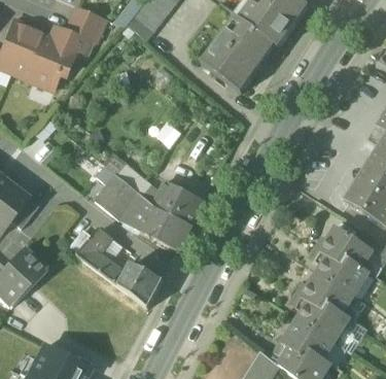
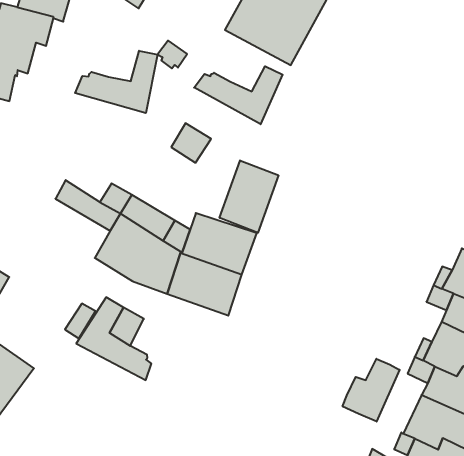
building: none -> [75,51,157,113]
building: none -> [194,66,283,124]
building: none -> [220,160,278,233]
building: [118,263,163,307] -> none
building: none -> [343,359,400,422]

